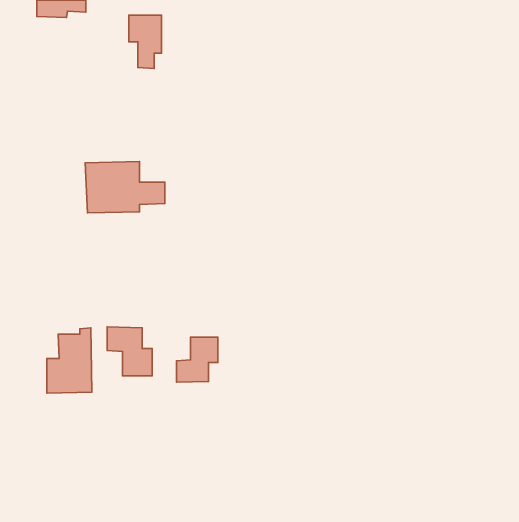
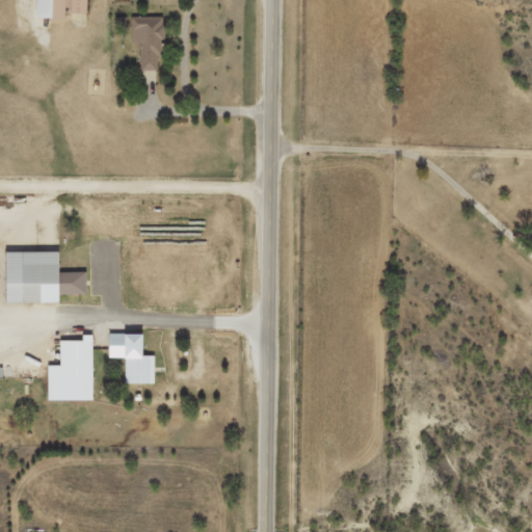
building: [85,162,165,213] -> [5,250,86,302]
building: [176,337,218,382] -> none

